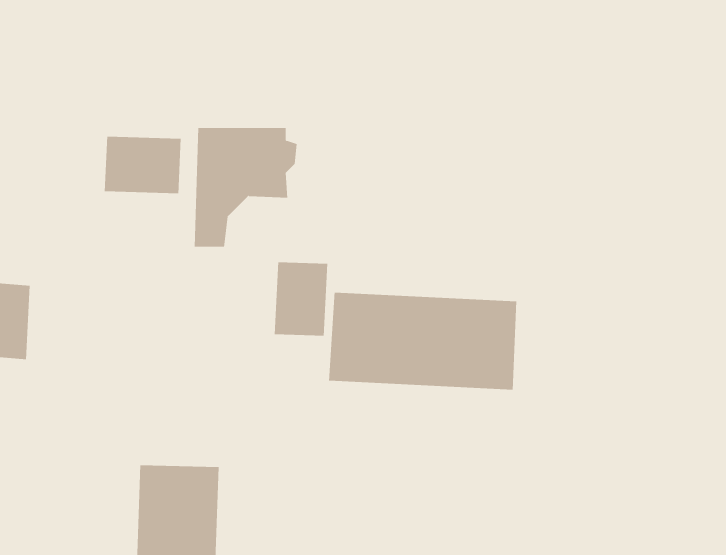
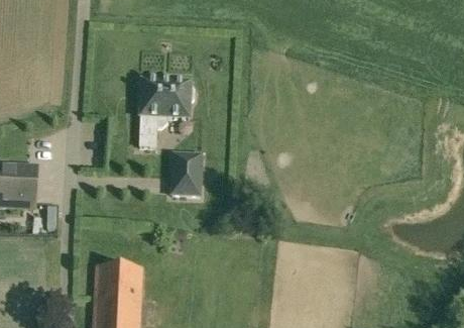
building: [104,136,181,194] -> none
building: [329,292,517,391] -> none

